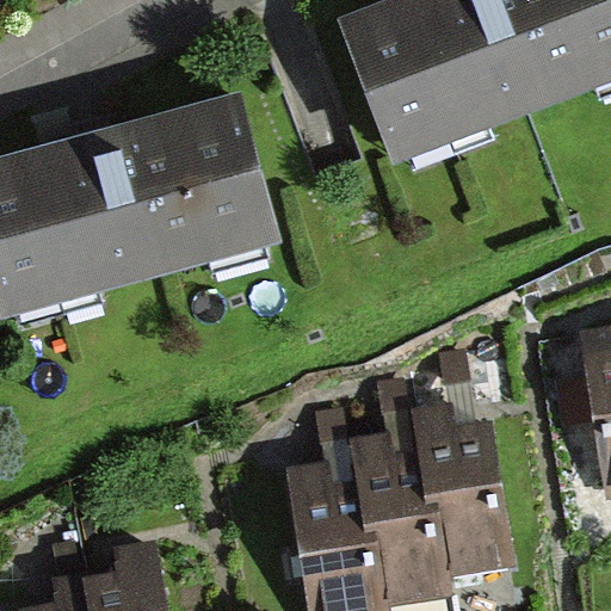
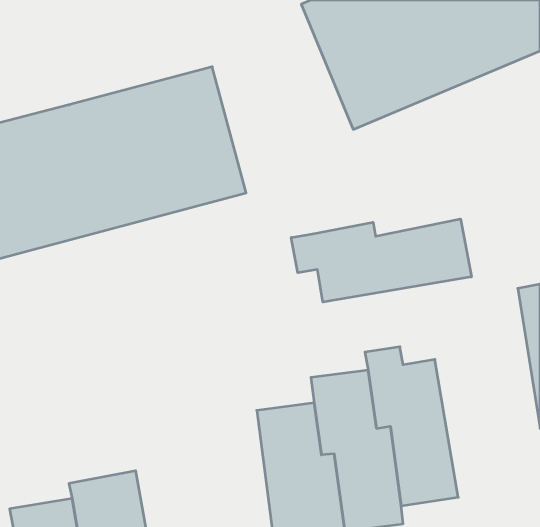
building: none -> [291,219,471,302]

